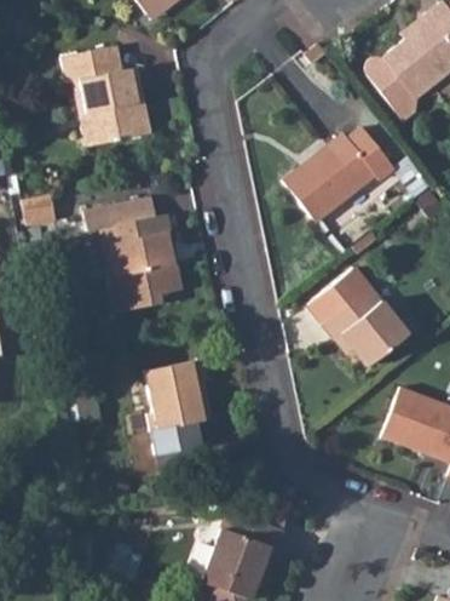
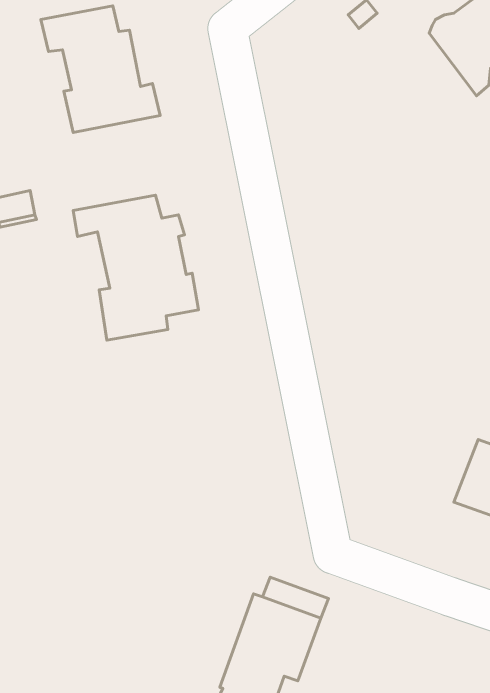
building: [284,126,393,218] -> none
building: [310,268,405,362] -> none
building: [142,357,206,457] -> none

